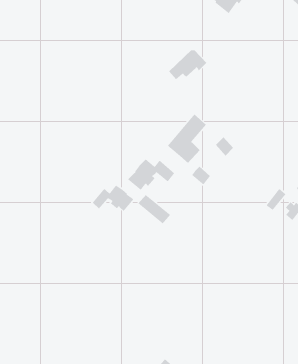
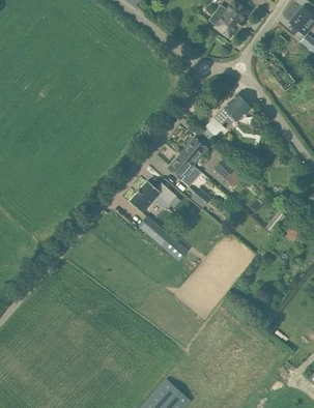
building: [168,49,207,80] -> [213,95,252,125]
building: [92,184,135,212] -> none

